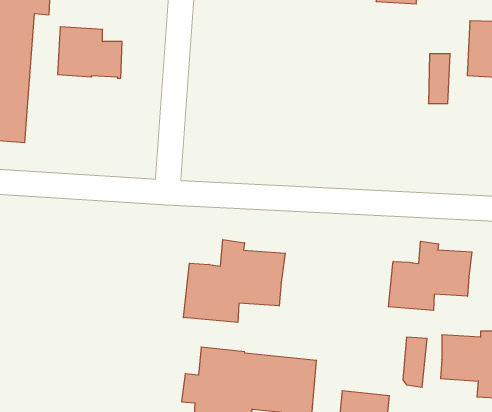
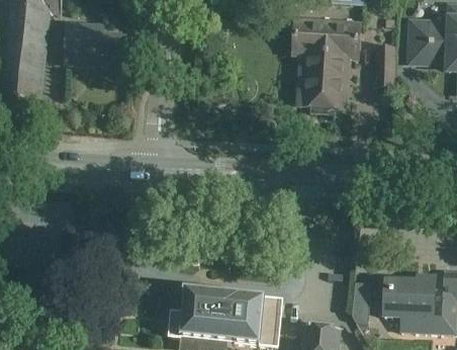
building: none -> [295,20,360,107]
building: [183,240,285,322] -> none
building: [389,241,472,310] -> none

